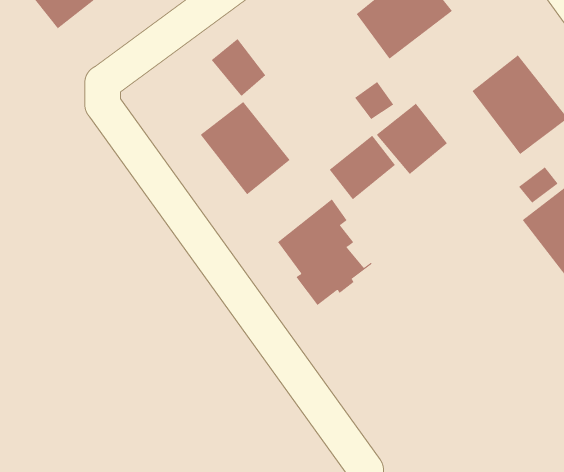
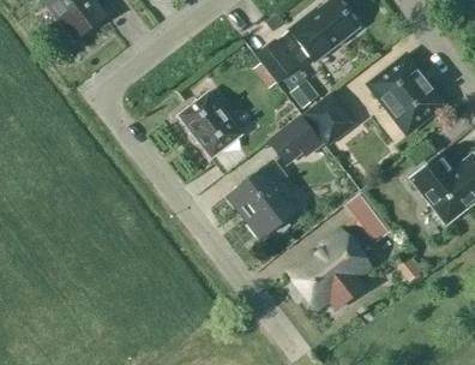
building: [211,38,266,97] -> [255,40,295,82]
building: none -> [341,190,389,243]
building: none -> [288,229,371,309]

